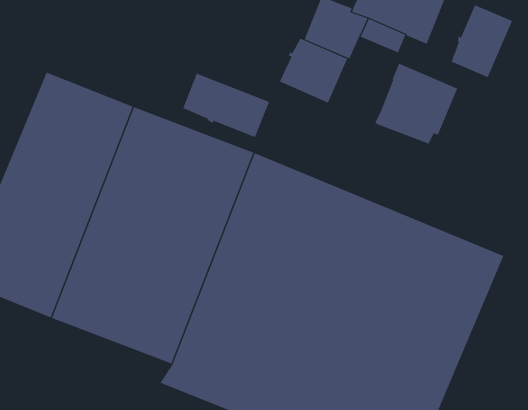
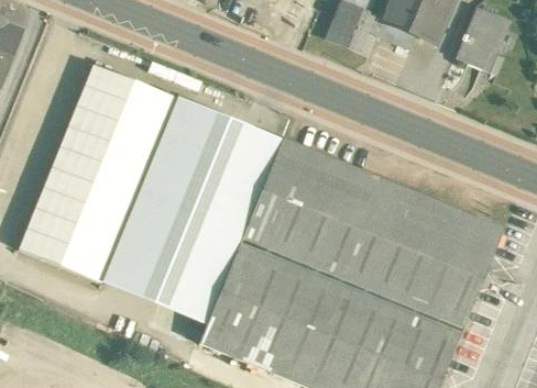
building: [279,38,348,104] -> none
building: [374,63,458,145] -> none
building: [183,73,270,138] -> none

